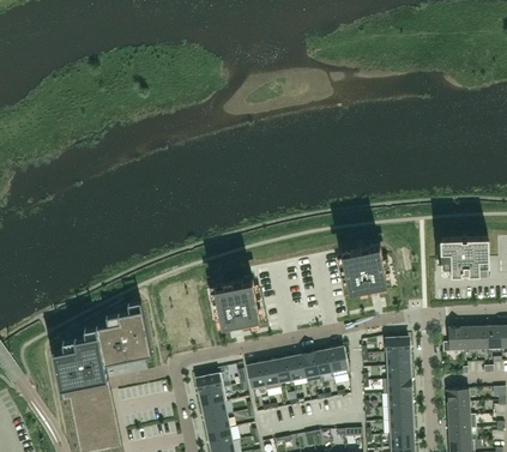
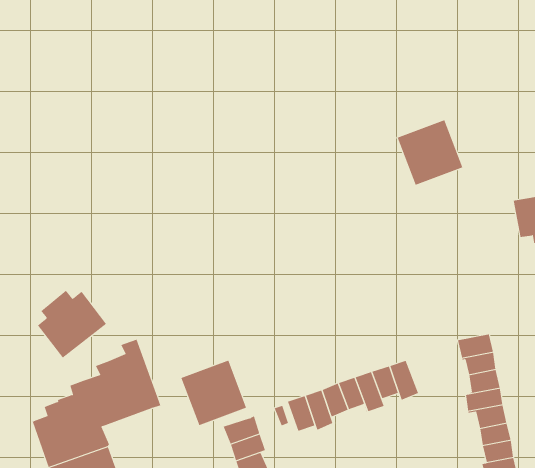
building: [342,245,388,291] -> [397,119,463,186]
building: none -> [37,290,107,359]
building: [215,279,261,326] -> [181,360,247,426]

